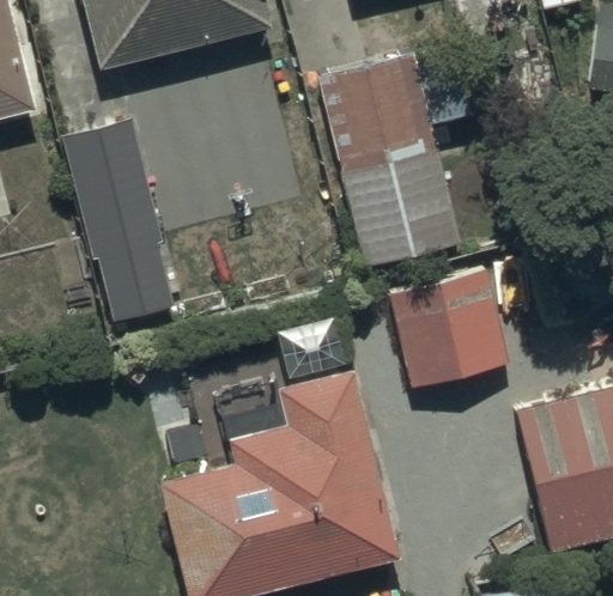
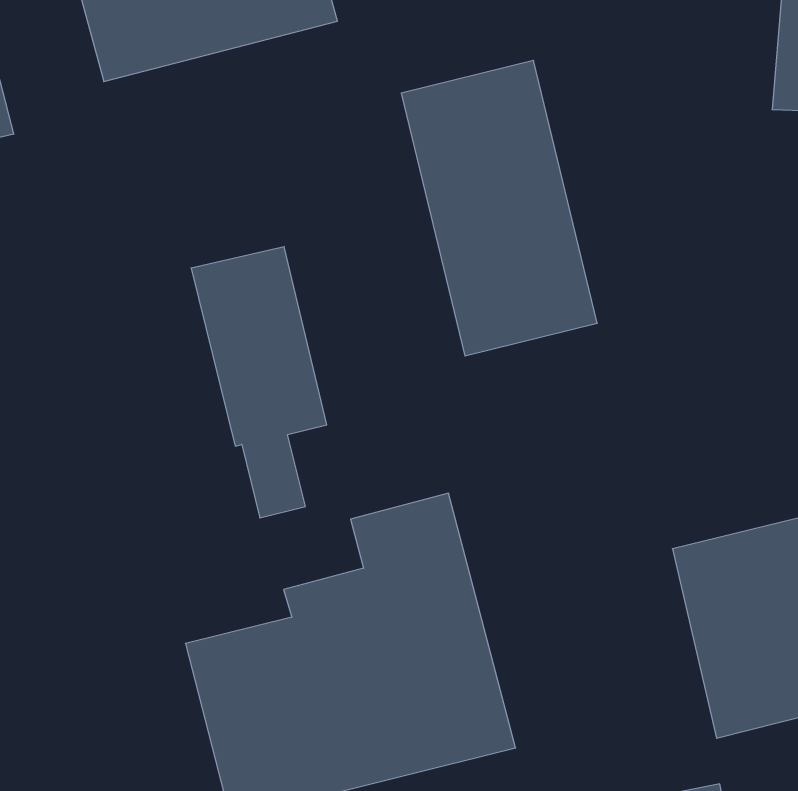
building: [63,120,163,318] -> [191,247,327,518]
building: [390,272,511,390] -> none

